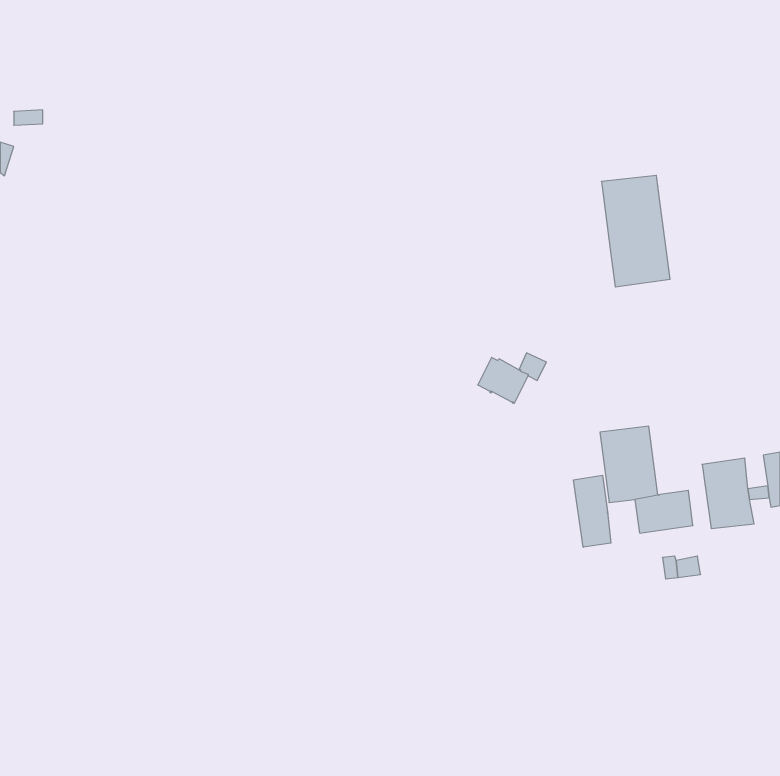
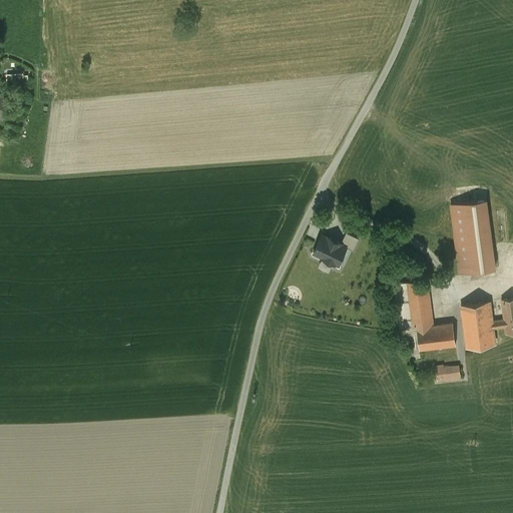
building: [601,175,670,287] -> [450,202,495,276]
building: [574,475,611,547] -> none

